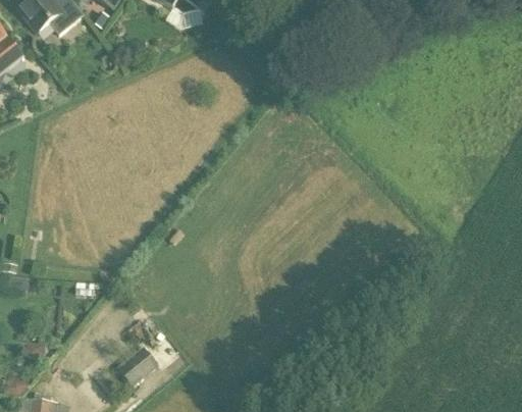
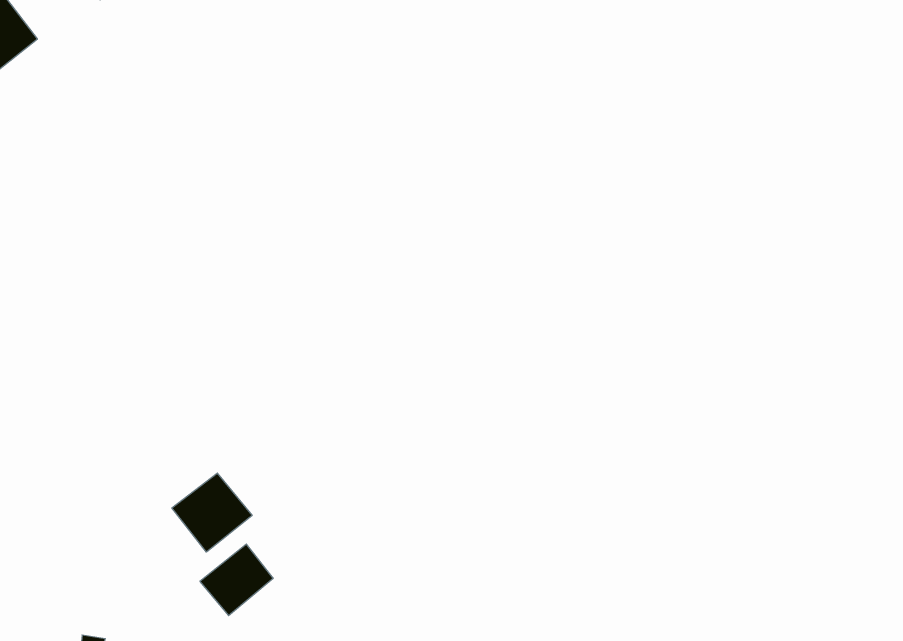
building: none -> [172,473,252,552]

